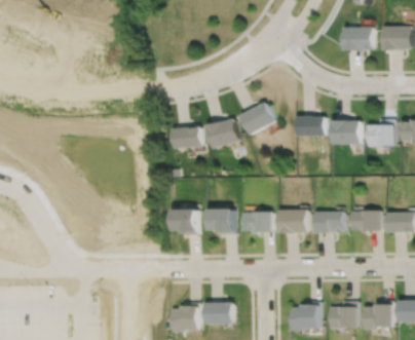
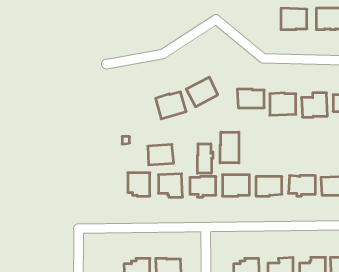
building: [172,124,200,147] -> [148,144,174,165]
building: none -> [220,132,239,163]
building: none -> [197,144,213,173]

